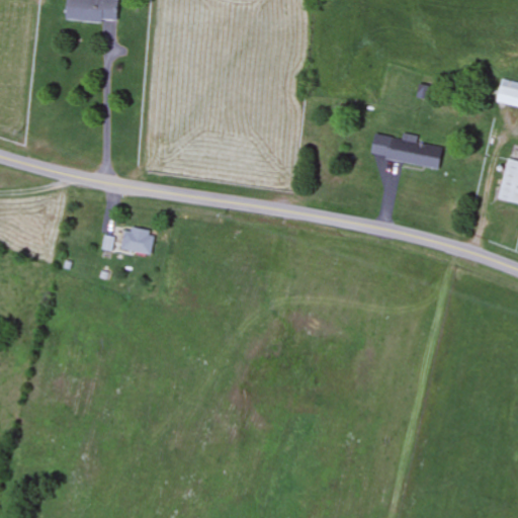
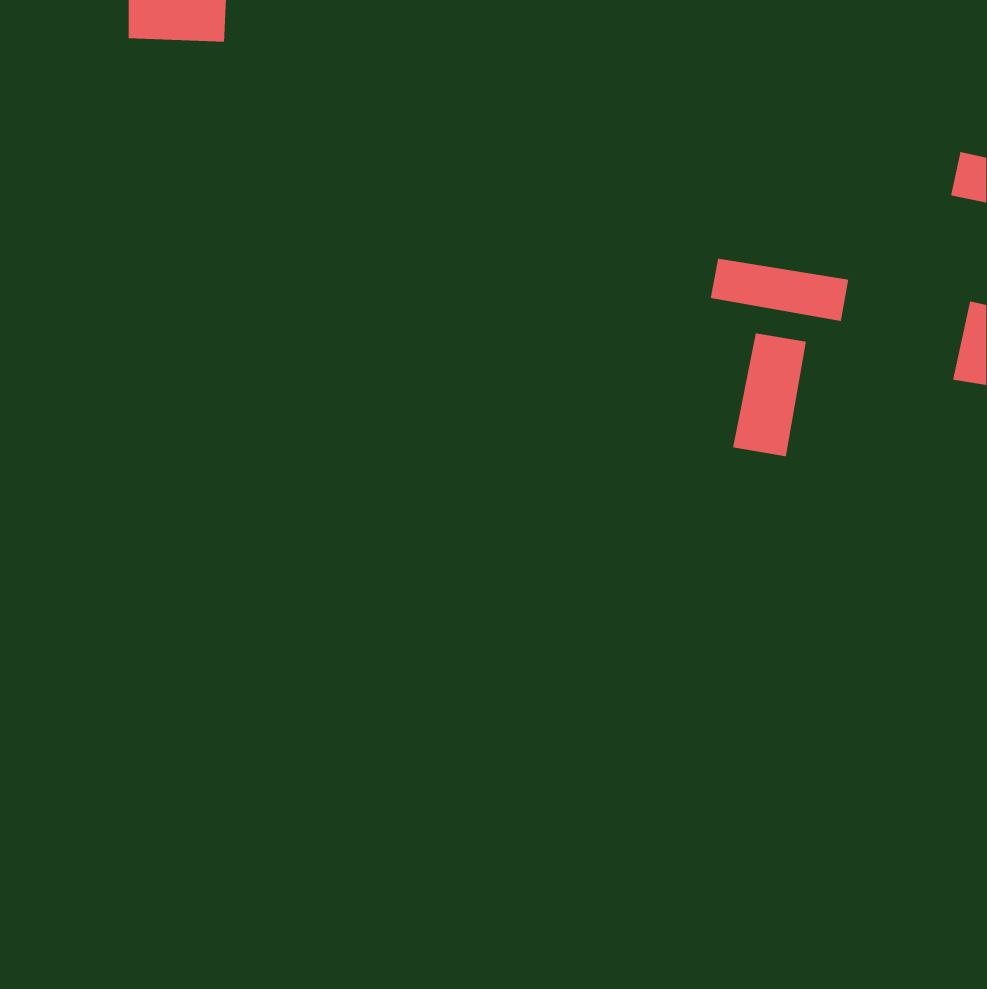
building: none -> [732,333,807,457]
building: [122,229,153,251] -> none

